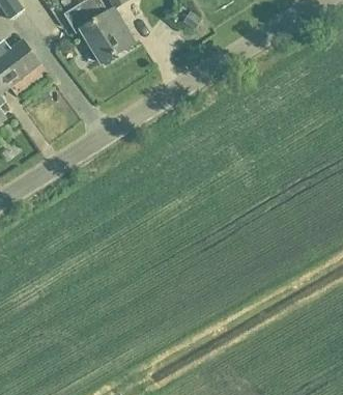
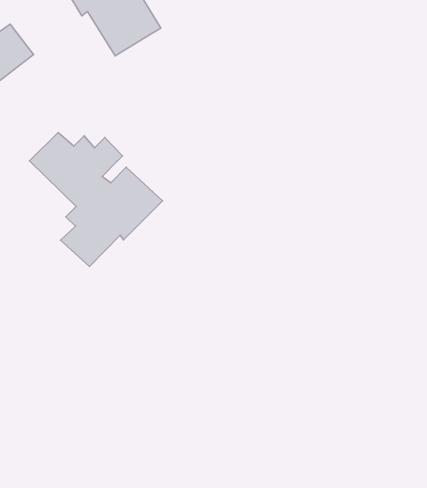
building: none -> [29,132,162,266]

